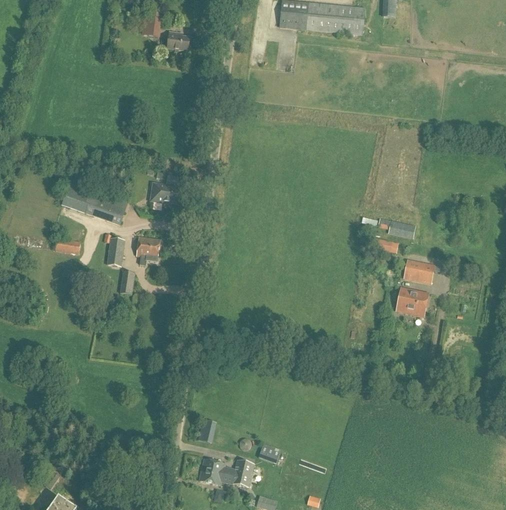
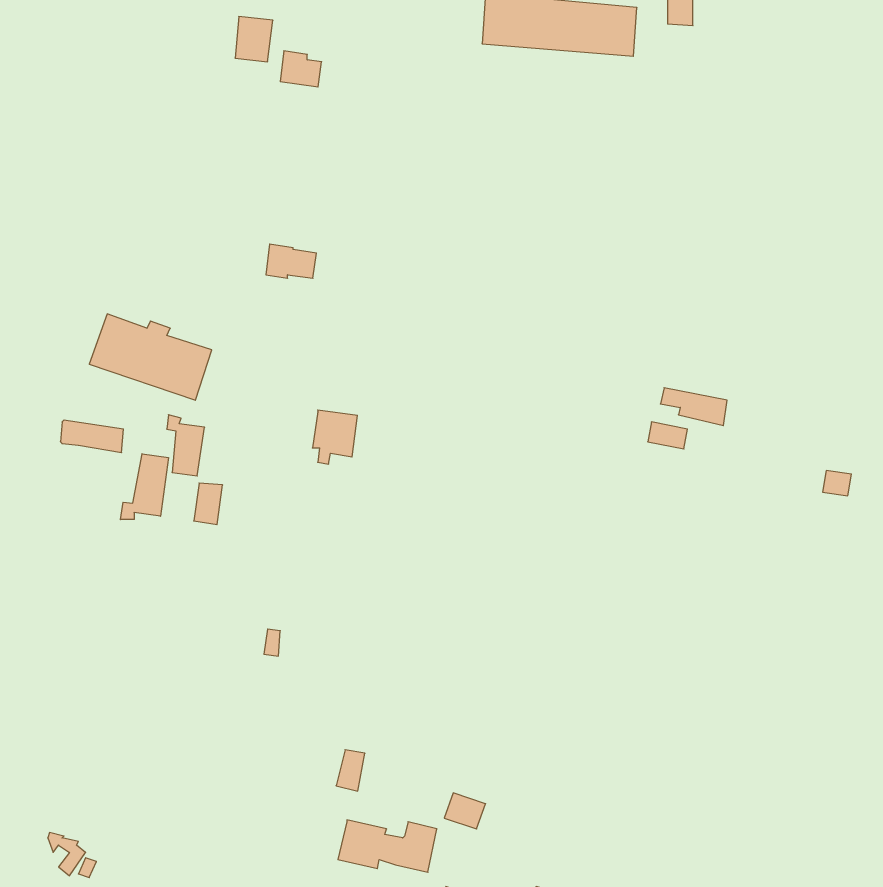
building: [151,183,179,202] -> [266,244,316,278]
building: [136,235,161,265] -> [312,410,357,464]
building: none -> [120,454,168,520]
building: [404,259,434,282] -> none
building: [396,287,429,316] -> none

